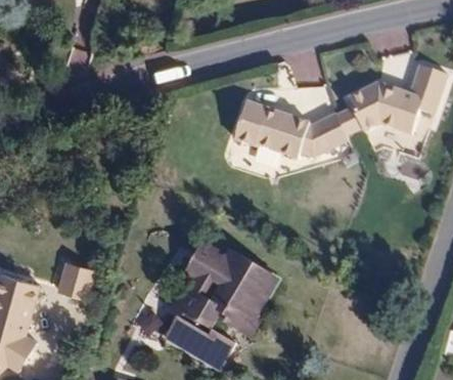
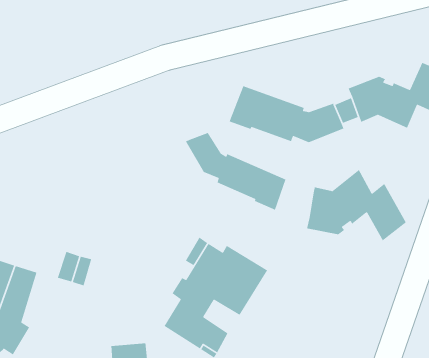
building: none -> [185,131,286,211]
building: none -> [306,169,407,241]

